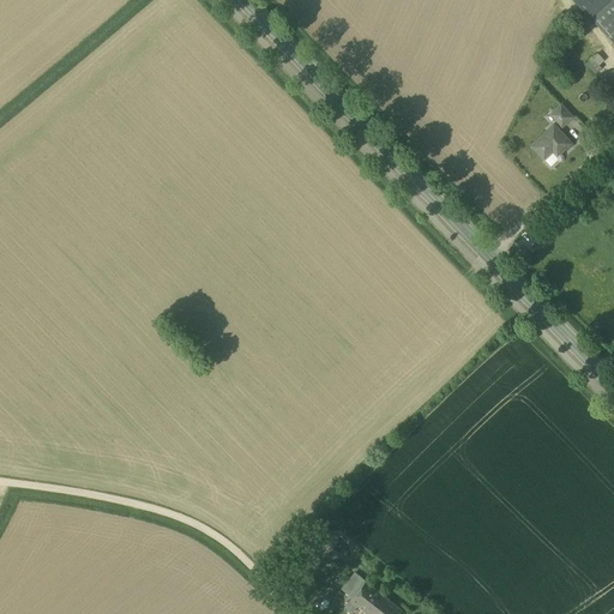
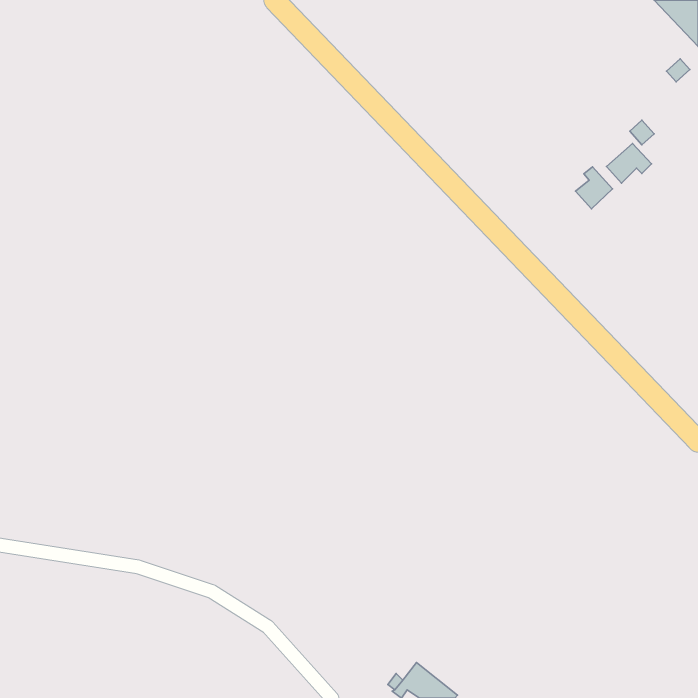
building: none -> [576,167,612,209]

